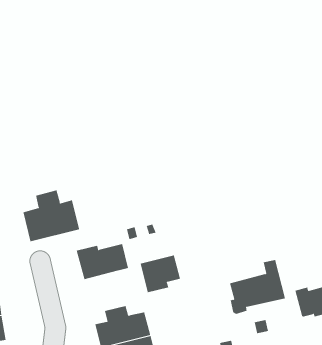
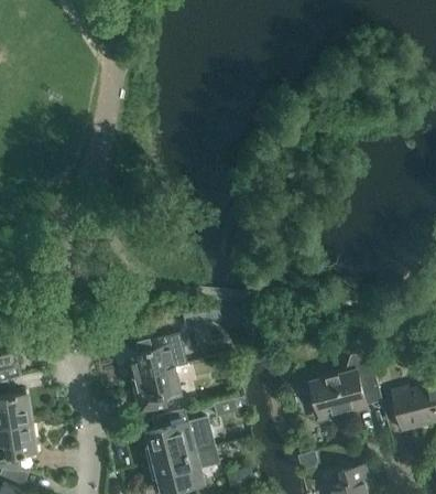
building: [23,189,80,242] -> none
building: [140,255,181,293] -> [130,367,181,415]

